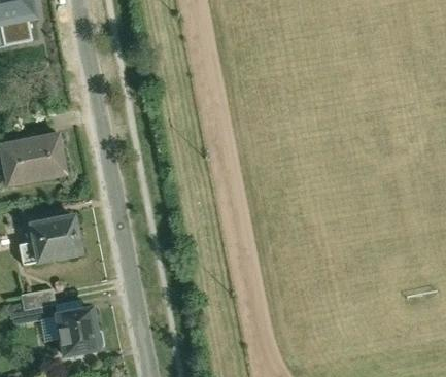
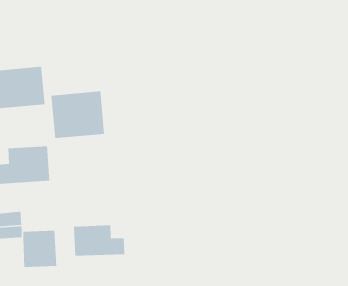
building: none -> [51,91,105,139]
building: none -> [73,225,125,257]

